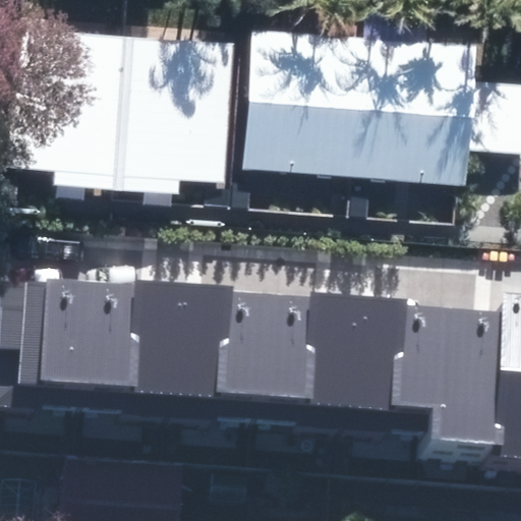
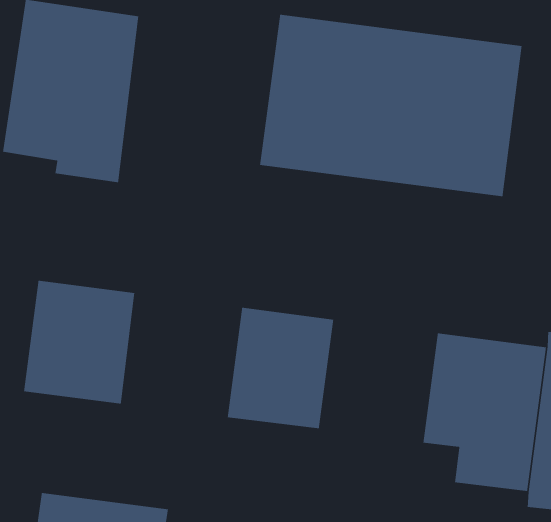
building: [116,39,232,193] -> none
building: [130,279,232,397] -> none
building: [308,294,408,411] -> none

